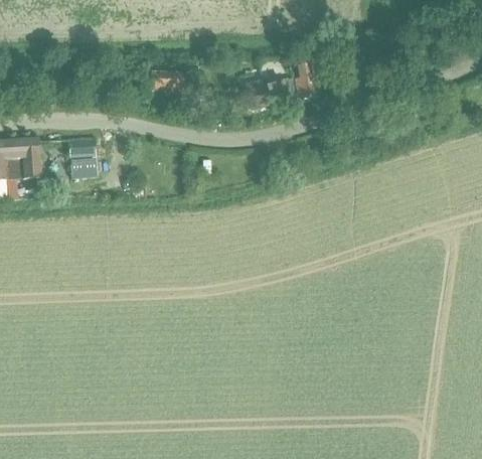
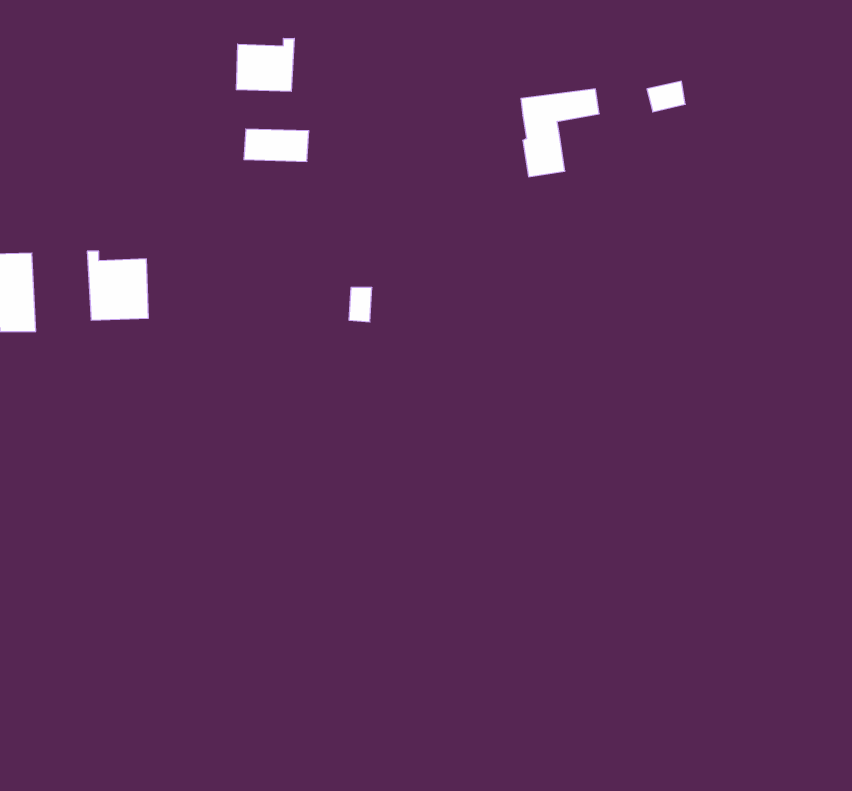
building: none -> [236,38,294,91]
building: [244,76,289,109] -> none

